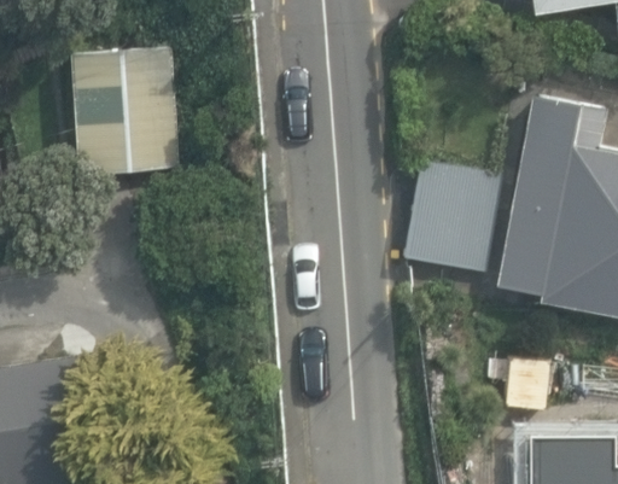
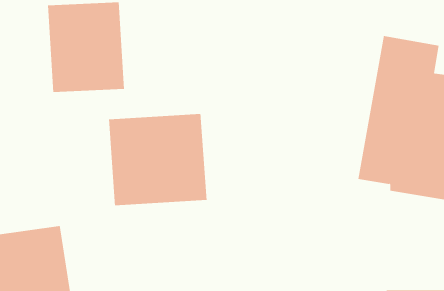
building: [403,159,506,275] -> none
building: none -> [108,113,207,206]

